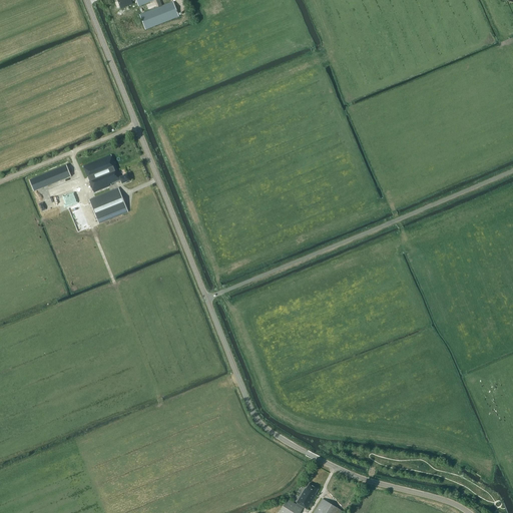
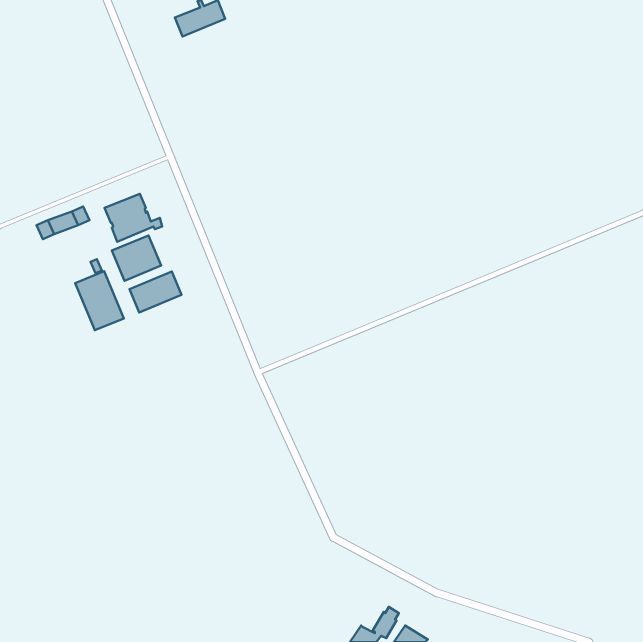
building: none -> [75,271,124,330]
building: none -> [130,272,181,312]

